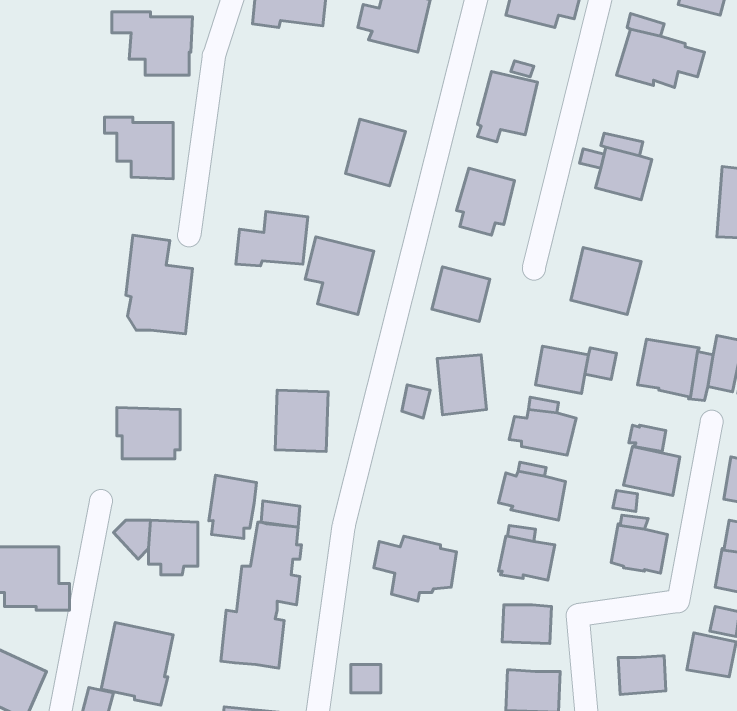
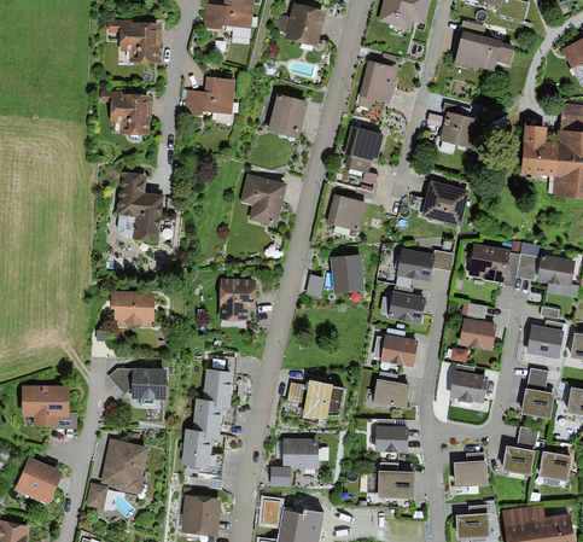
building: [236,211,308,266] -> [185,77,234,115]
building: [209,475,256,539] -> none
building: none -> [282,439,317,467]

